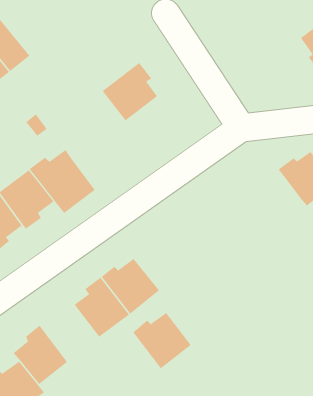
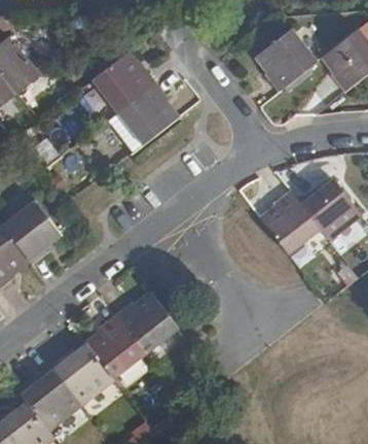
building: none -> [260,29,319,93]
building: none -> [90,54,155,114]
building: [29,149,96,214] -> none
building: none -> [266,190,325,252]
building: [133,312,192,369] -> [49,342,112,403]

